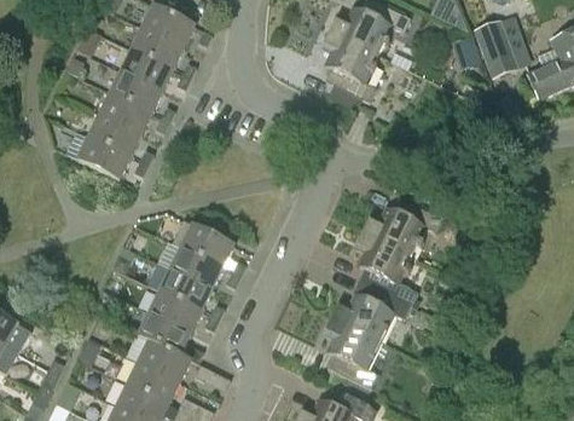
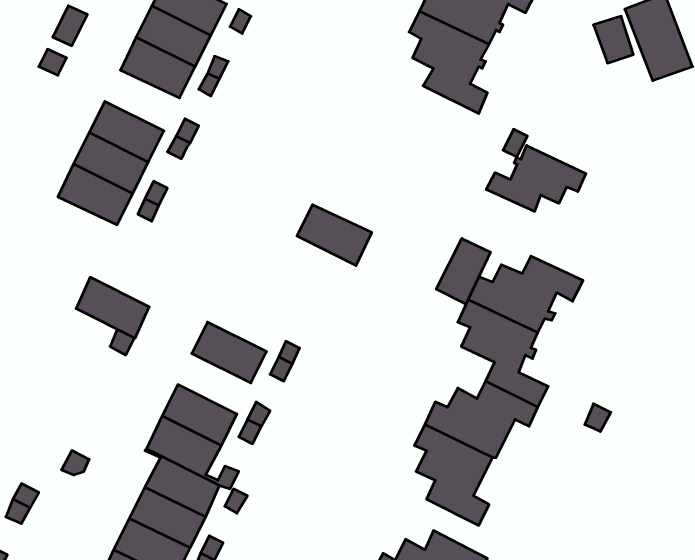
building: [110,71,162,114] -> none
building: none -> [486,145,586,211]
building: none -> [436,238,490,304]
building: [181,225,233,267] -> [297,205,372,266]
building: [161,269,211,311] -> [76,277,149,338]

